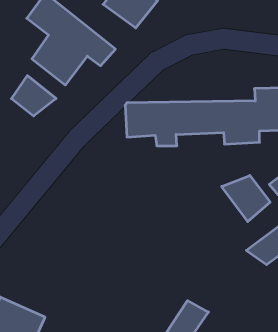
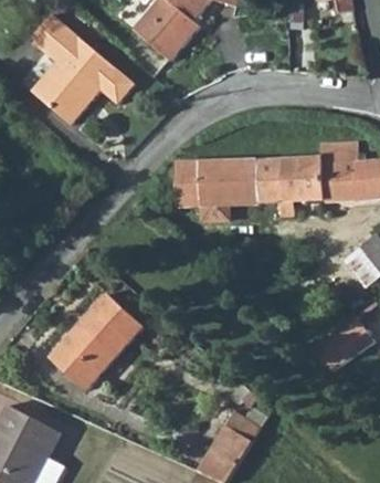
building: [11,76,56,116] -> none
building: [222,175,270,222] -> none
building: none -> [48,292,140,385]

